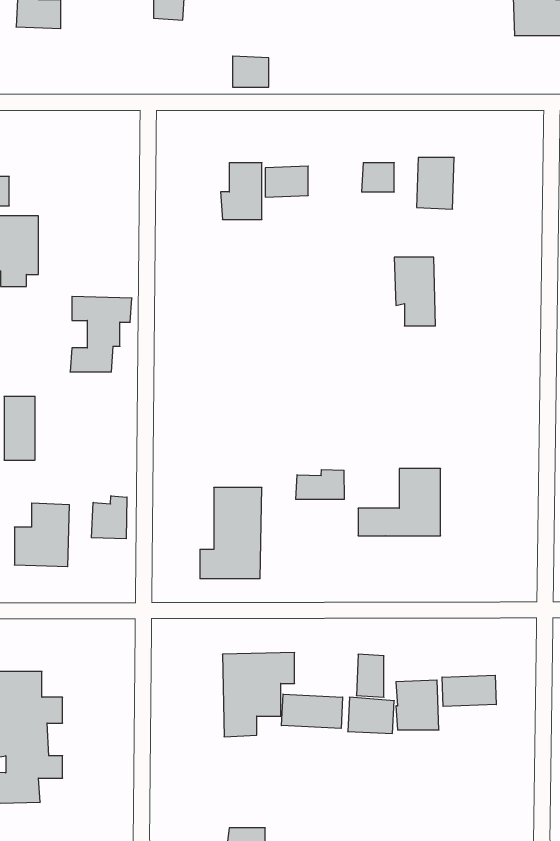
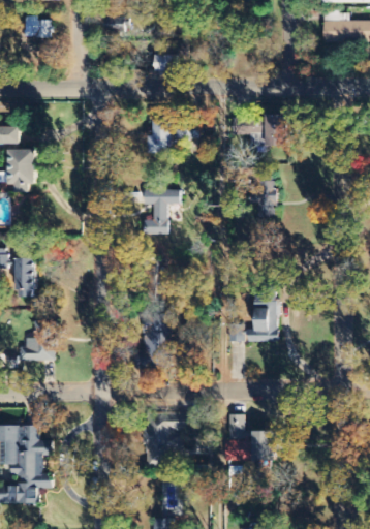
building: [70,296,132,372] -> [143,189,180,235]
building: [296,470,344,499] -> none
building: [91,496,127,539] -> none
building: [442,675,496,706] -> none
building: [281,694,343,728] -> none

